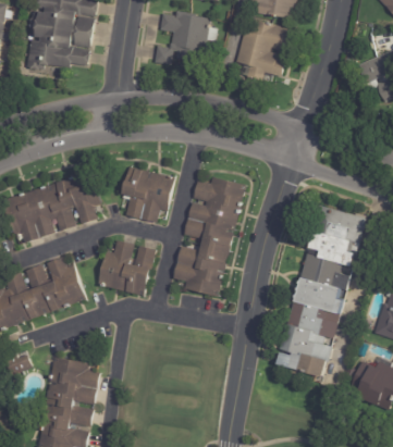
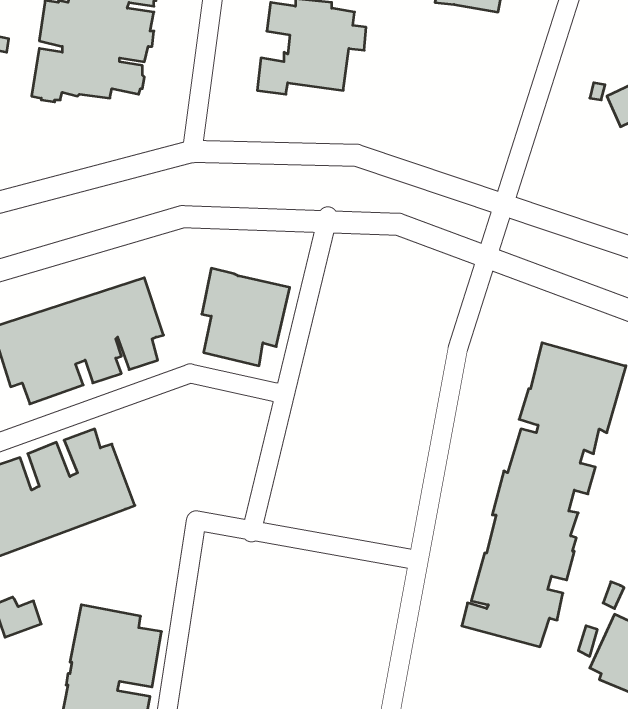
building: [237,20,295,80] -> none
building: [174,175,246,295] -> none
building: [99,238,156,295] -> none

